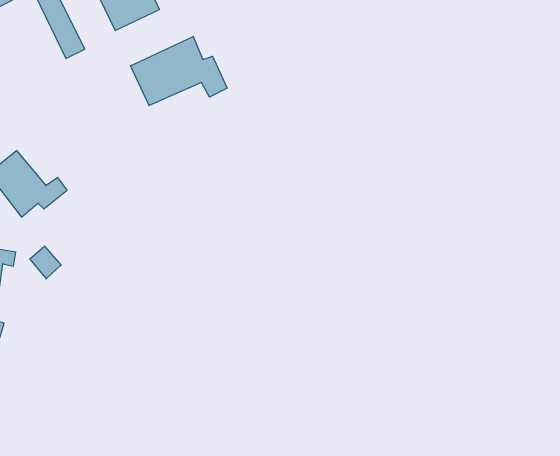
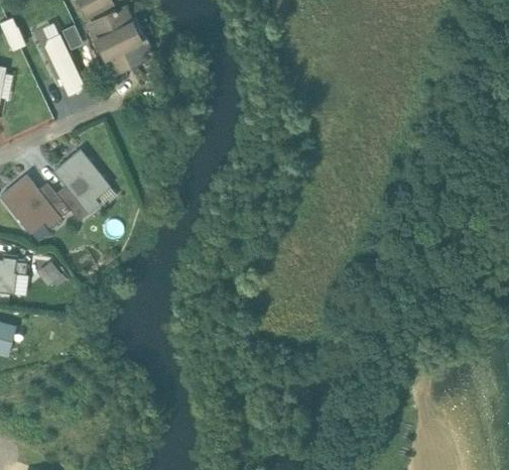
building: [131,36,227,106] -> none
building: none -> [54,150,110,222]

